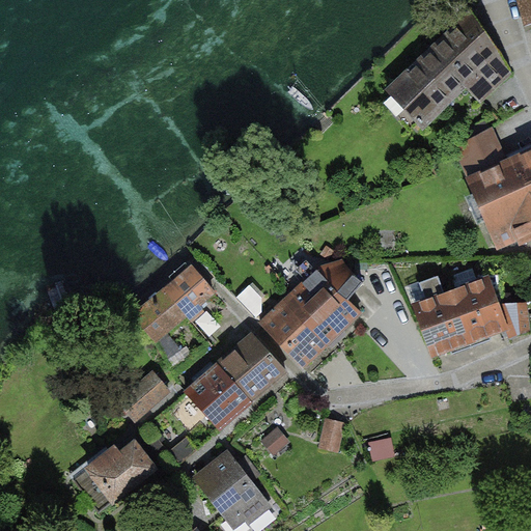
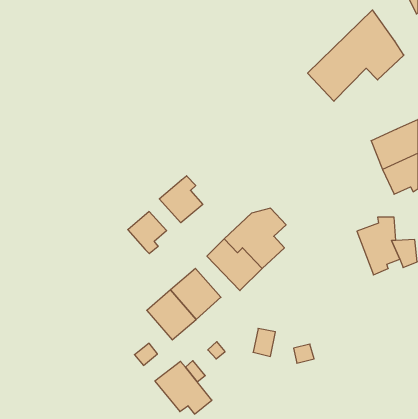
building: [459,130,499,177] -> none
building: none -> [159,176,203,223]
building: [413,275,470,354] -> none
building: [131,289,183,340] -> none
building: [115,365,171,419] -> none
building: [83,443,151,511] -> none

